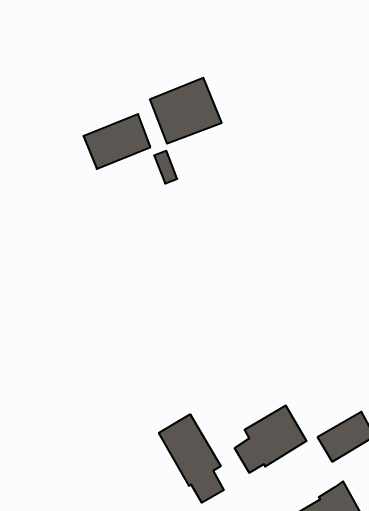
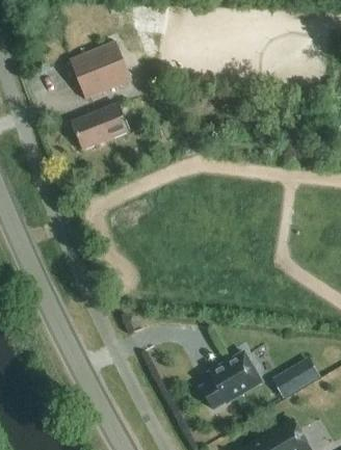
building: [150,78,222,144] -> [71,42,132,98]
building: [159,414,224,503] -> none

